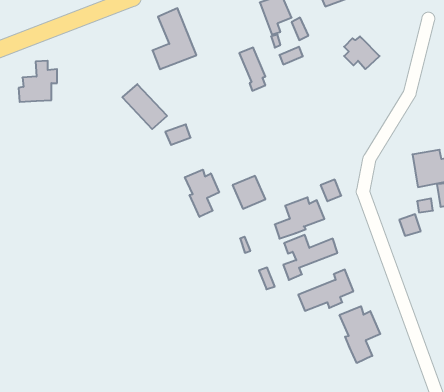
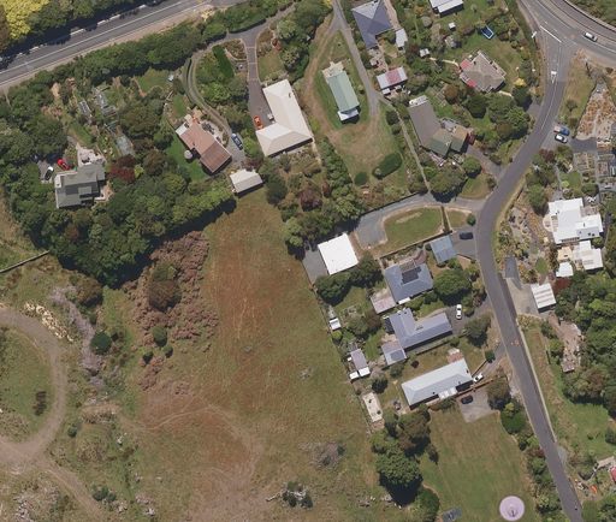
building: [152,8,196,69] -> [255,78,312,156]
building: [19,61,57,102] -> [55,149,105,202]
building: none -> [407,97,468,155]
building: [185,170,219,217] -> none
building: [340,306,380,363] -> none

